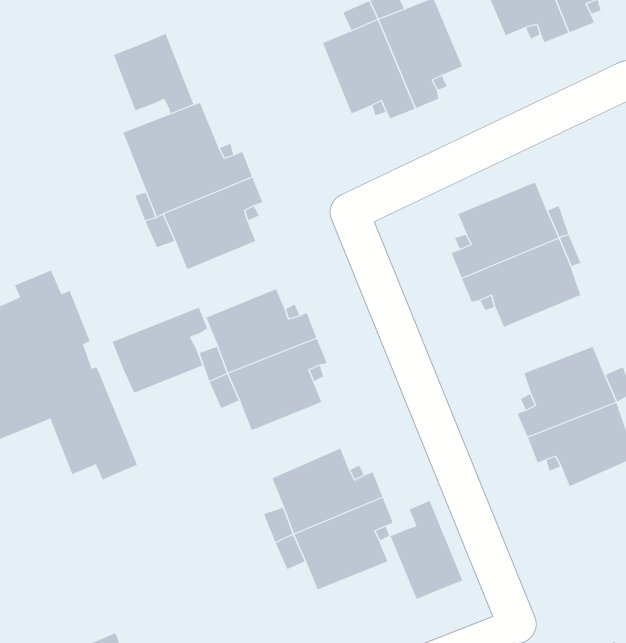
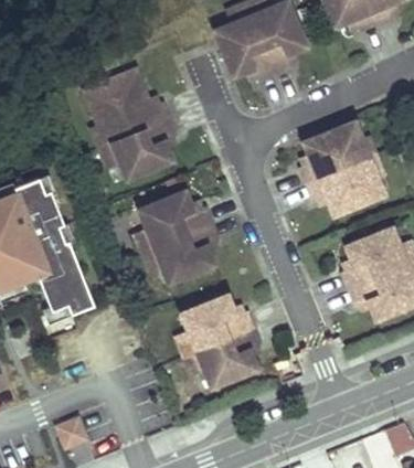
building: [113,33,194,114] -> none
building: [112,307,208,393] -> none
building: [390,500,463,600] -> none

